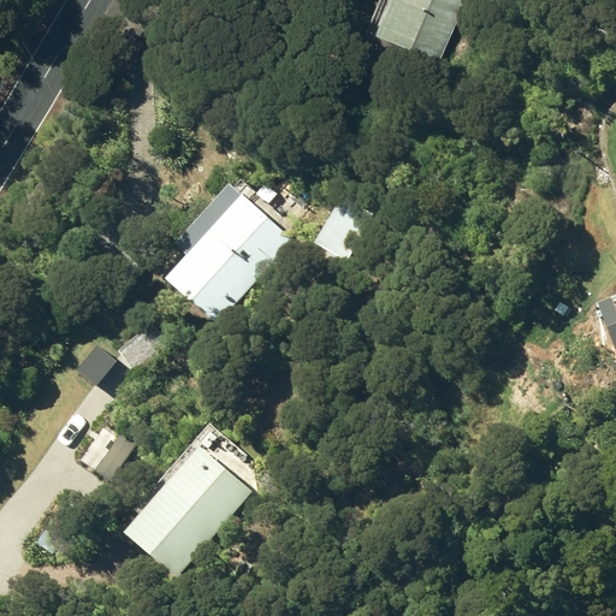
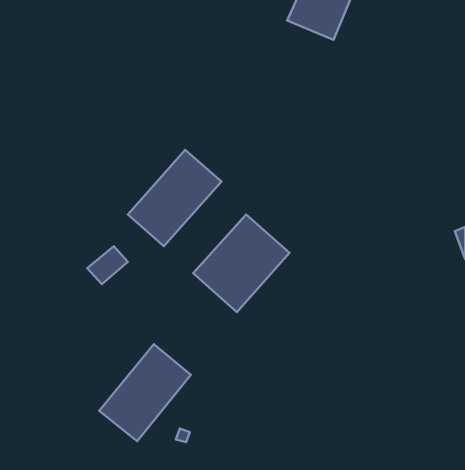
building: none -> [193,215,289,312]

